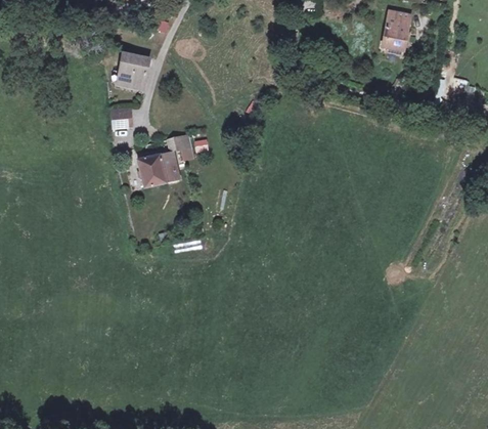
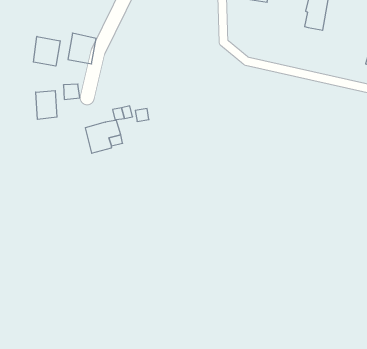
building: none -> [33,36,60,66]
building: none -> [36,91,57,119]

